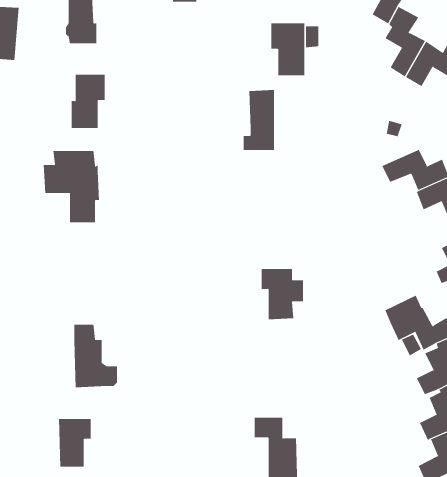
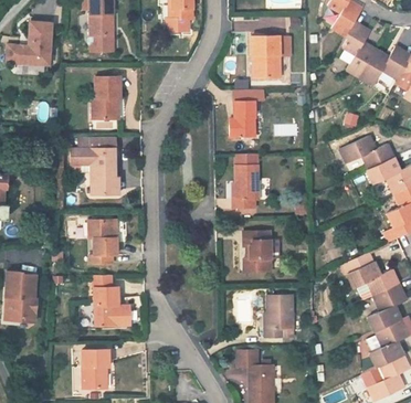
building: none -> [233,153,259,209]
building: none -> [89,220,117,264]
building: none -> [265,295,293,337]

